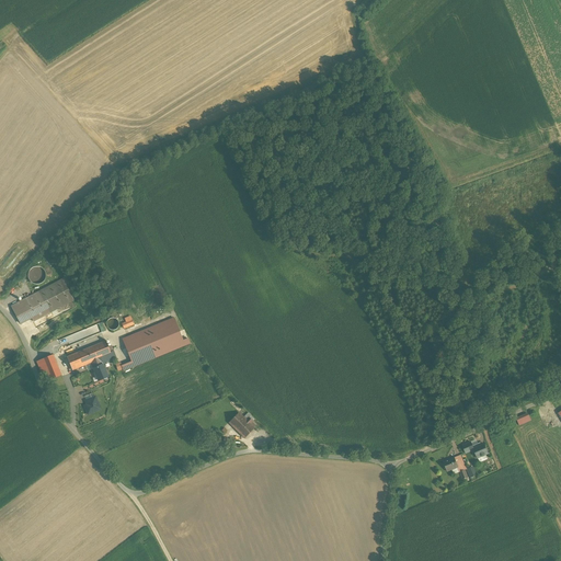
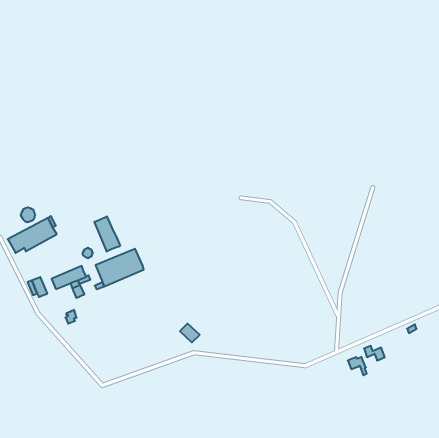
building: none -> [94,216,120,252]

